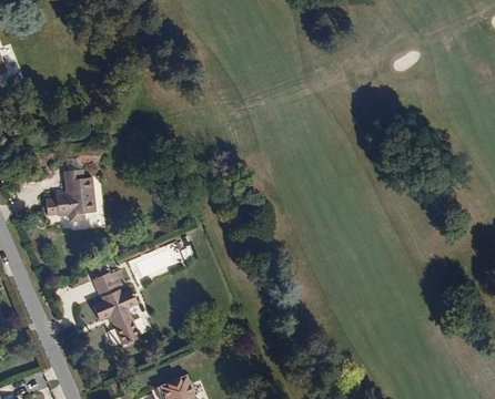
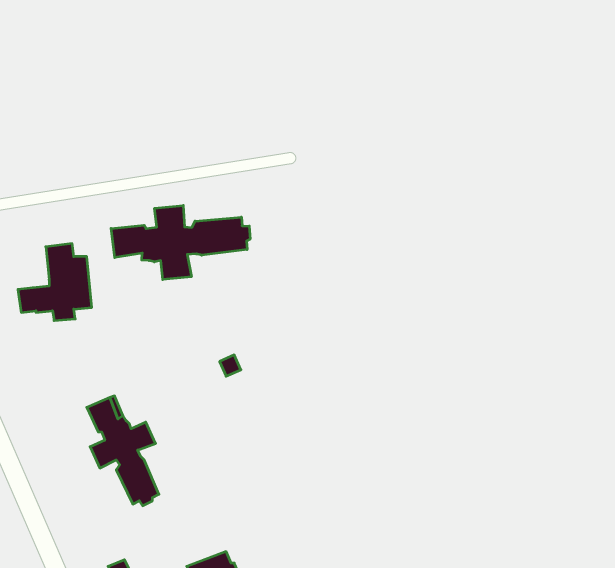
building: none -> [111,205,250,280]

